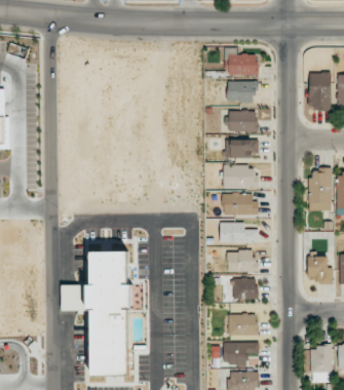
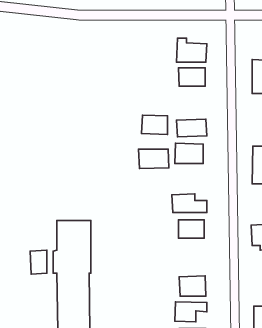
building: [228,110,257,131] -> [142,115,167,134]
building: [223,193,257,215] -> [139,149,169,169]
building: [233,278,257,299] -> none

